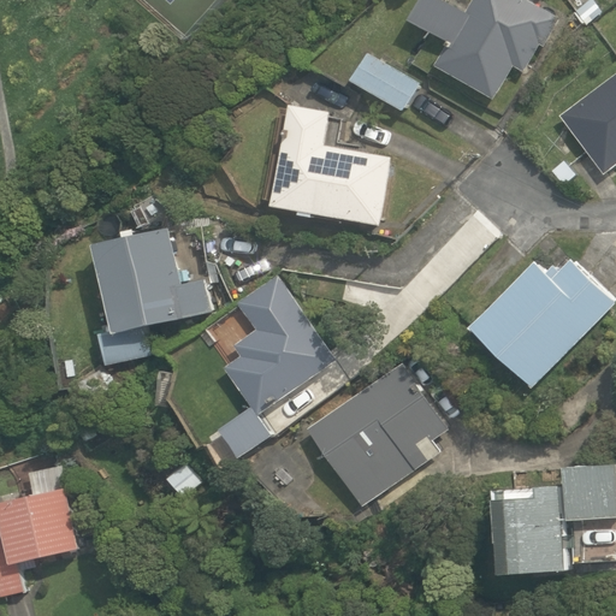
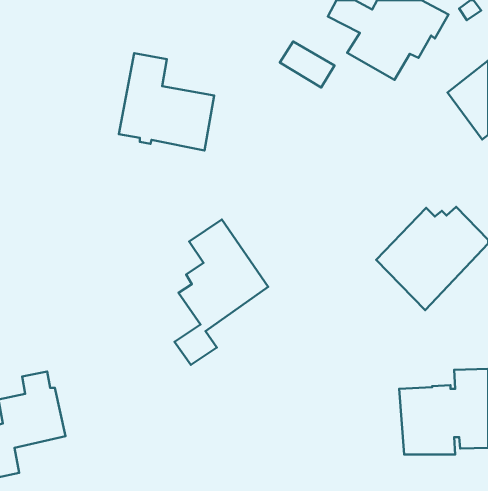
building: [272,103,391,225] -> [119,53,214,151]
building: [95,226,211,367] -> none
building: [307,362,448,507] -> none

